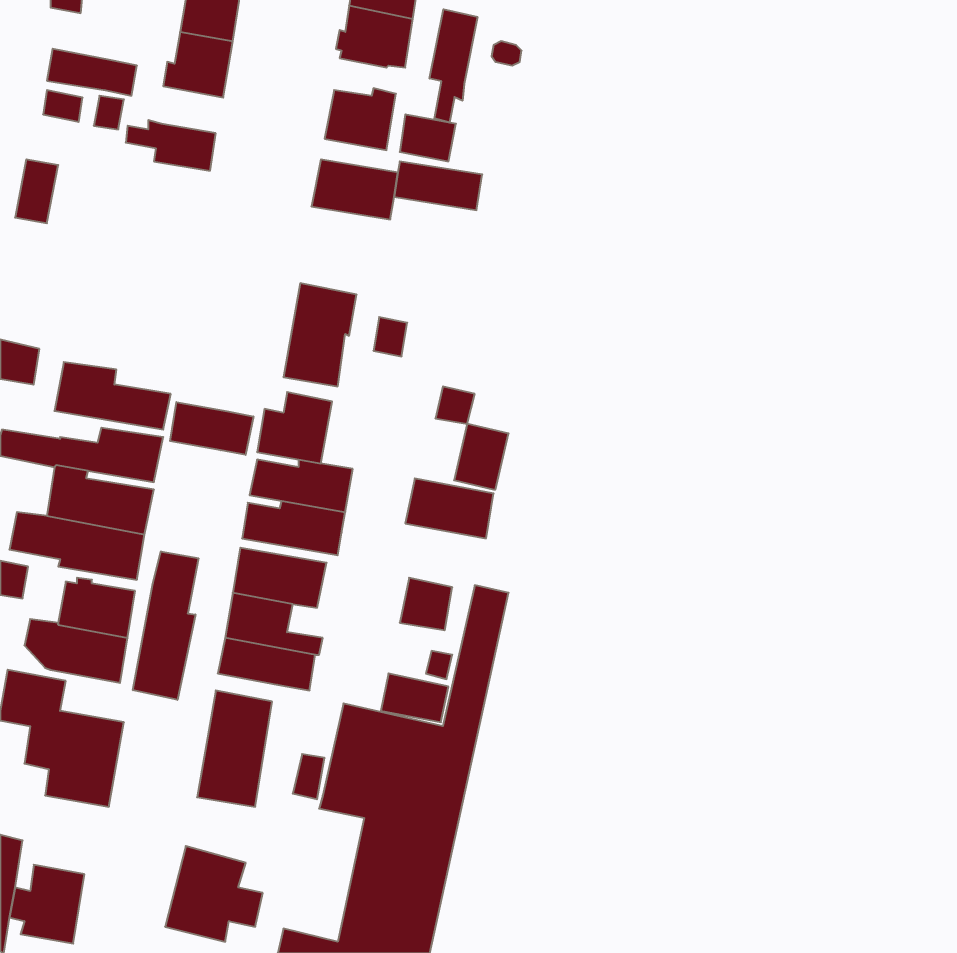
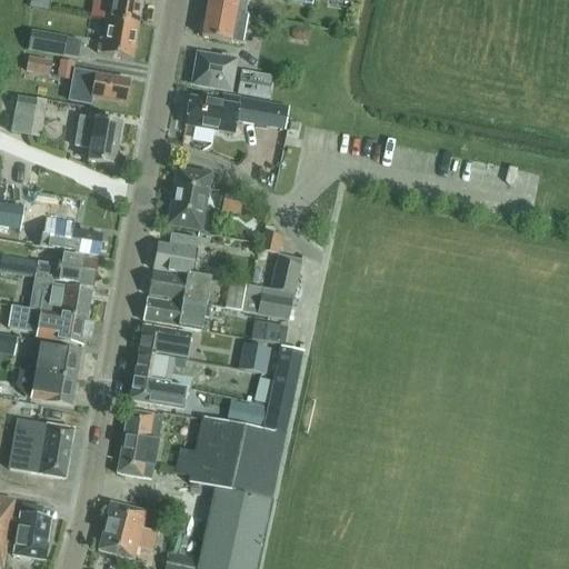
building: [430,9,477,123] -> none
building: none -> [76,116,121,164]
building: [170,402,253,455] -> none
building: none -> [252,319,289,343]
building: [133,551,198,700] -> none

